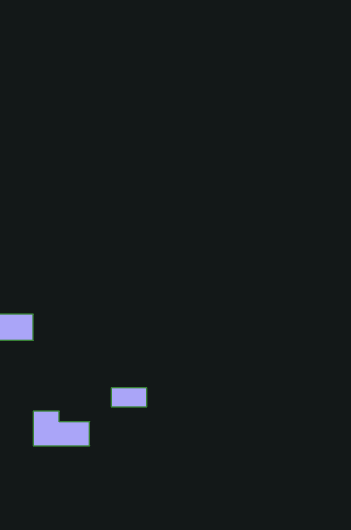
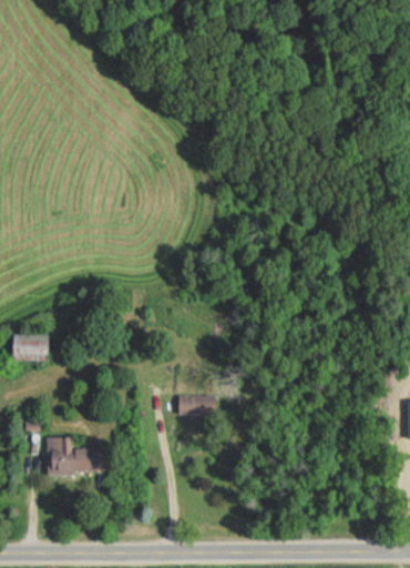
building: [111,388,147,407] -> [178,395,216,415]

